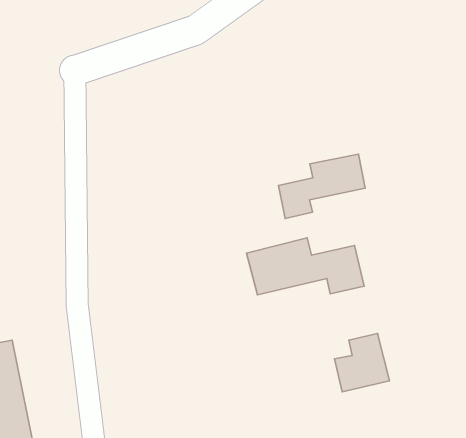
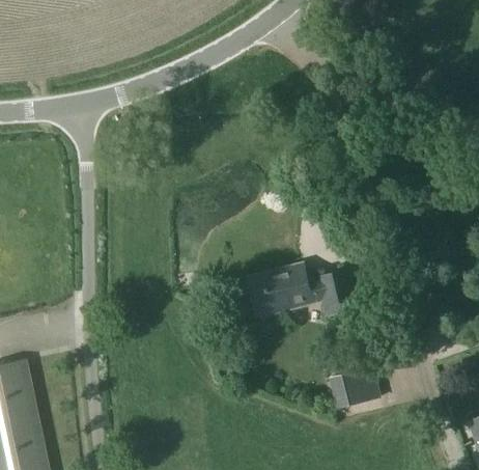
building: [278,154,365,218] -> none

